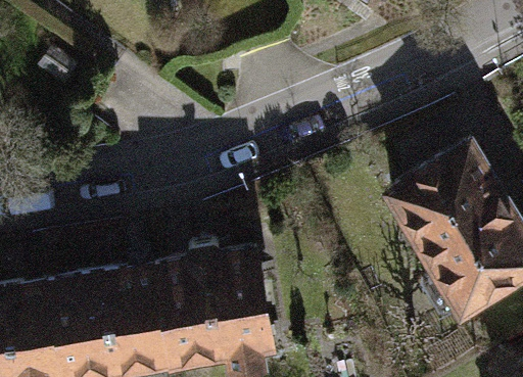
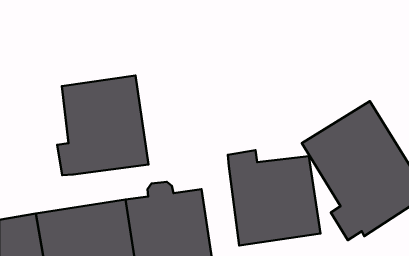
building: none -> [57,75,149,175]
building: none -> [228,150,320,246]

